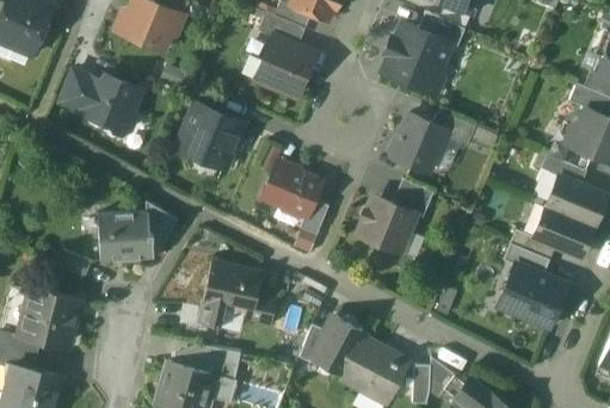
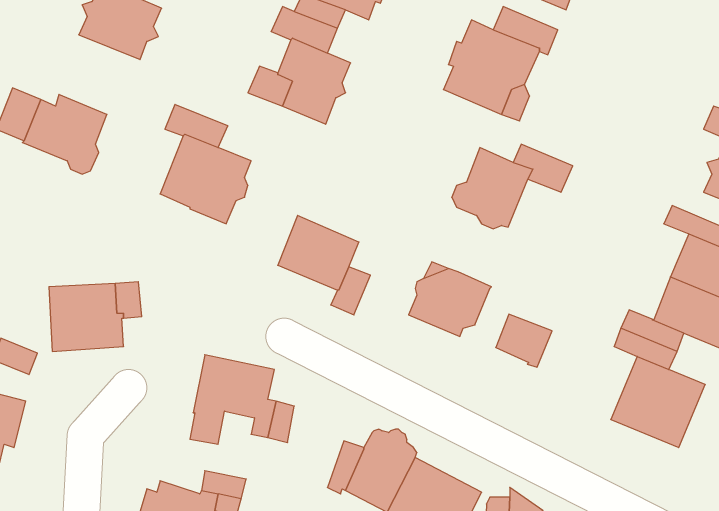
building: [392,180,432,218] -> [496,314,552,367]

